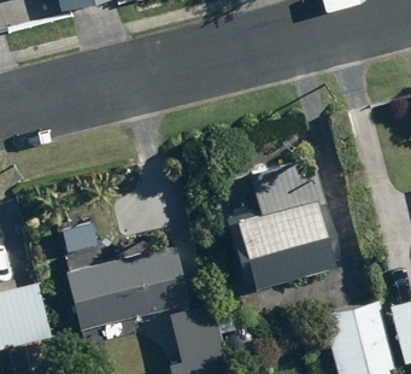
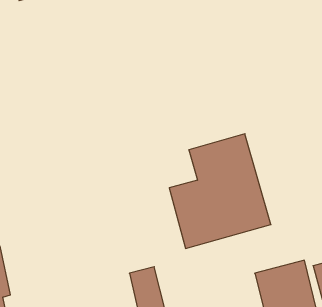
building: [65,246,190,331] -> none

